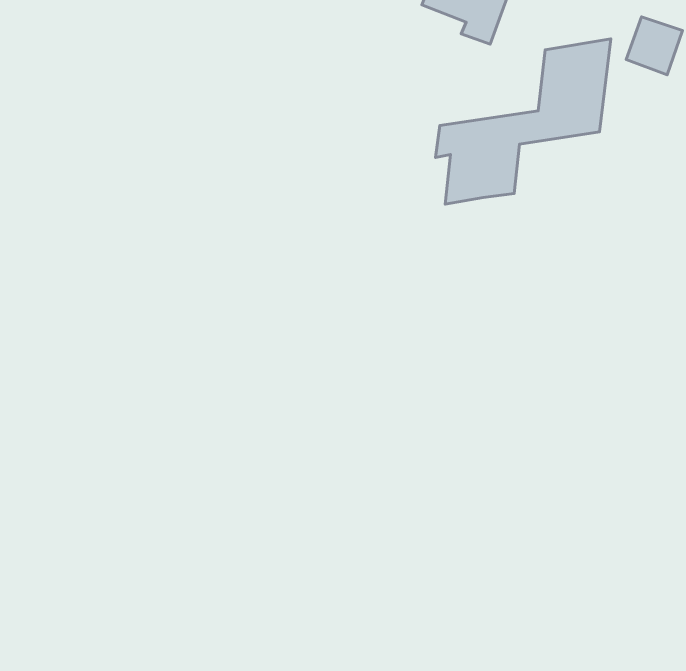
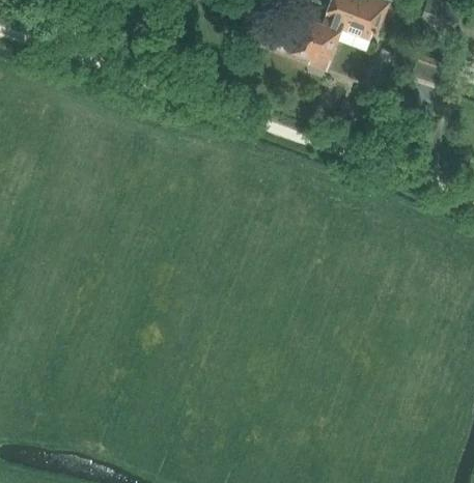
building: [435,39,611,204] -> none

